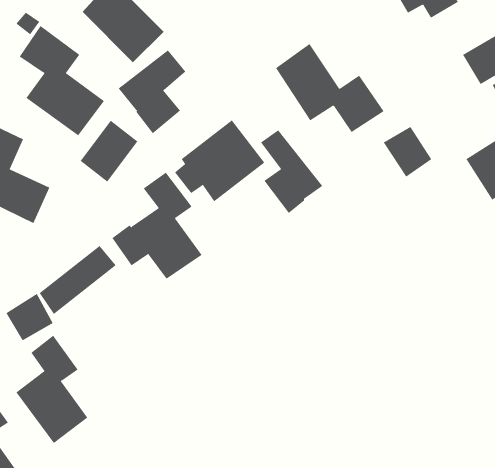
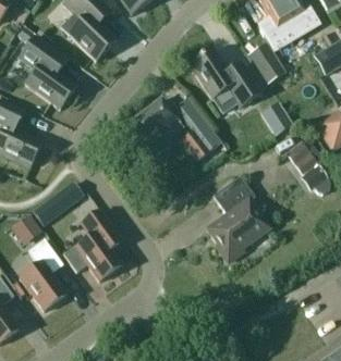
building: none -> [247,42,287,85]
building: [118,50,186,134] -> none
building: [80,120,138,182] -> none
building: [111,172,202,280] -> [63,210,123,281]
building: none -> [285,142,328,192]
building: none -> [207,177,269,262]

